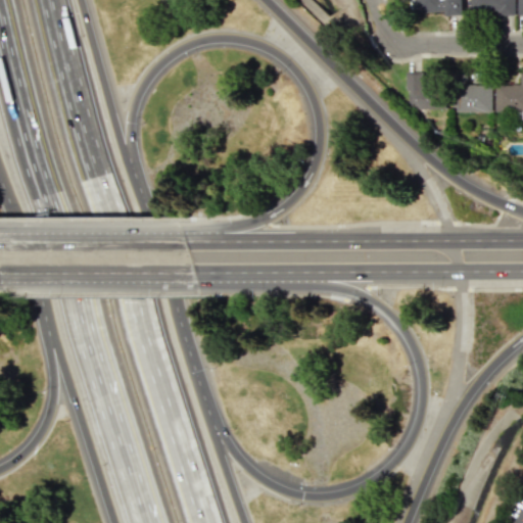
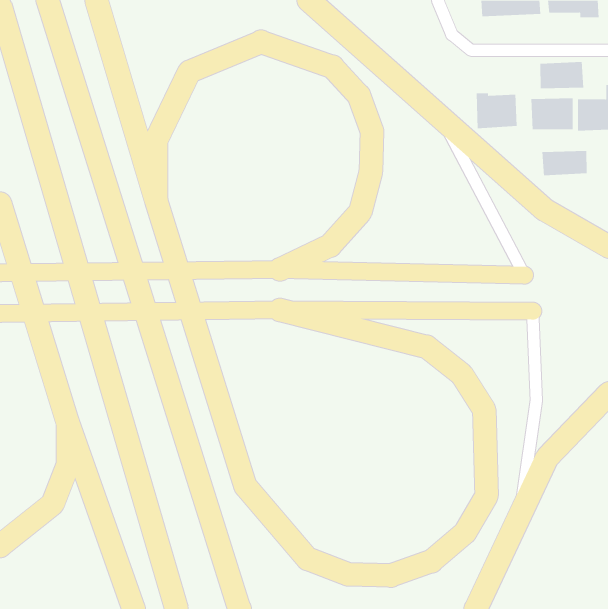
building: none -> [540,61,584,89]
building: none -> [542,150,587,176]

